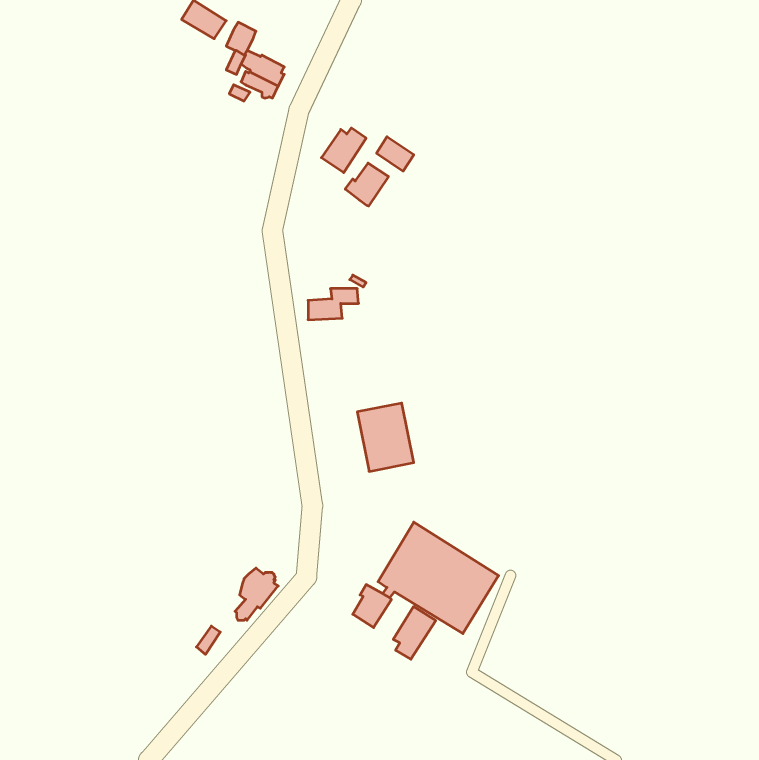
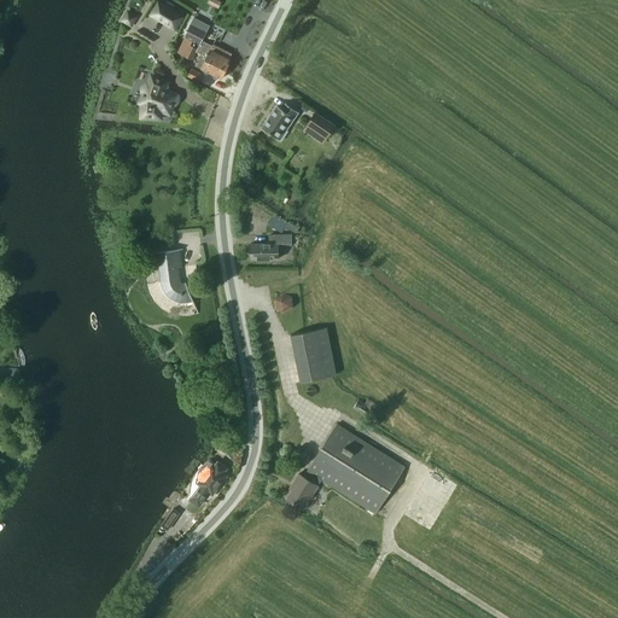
building: none -> [142,76,176,117]
building: [345,163,388,206] -> none
building: none -> [150,249,193,303]
building: [393,607,436,659] -> none

